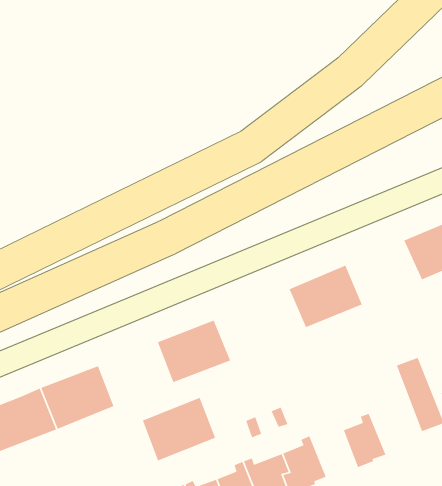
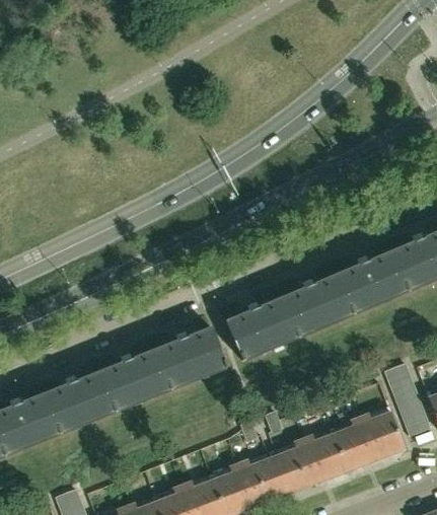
building: none -> [336,251,408,313]
building: none -> [226,298,297,359]
building: [142,397,216,462] -> [99,349,170,411]
building: none -> [358,412,404,456]
building: none -> [301,433,347,481]

